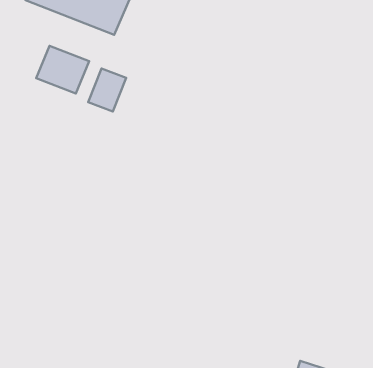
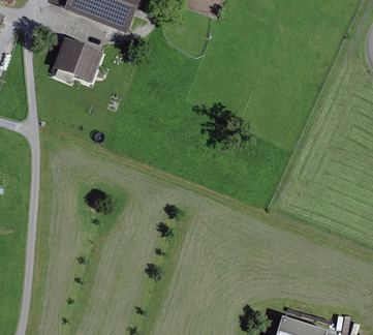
building: [88,69,126,112] -> none

